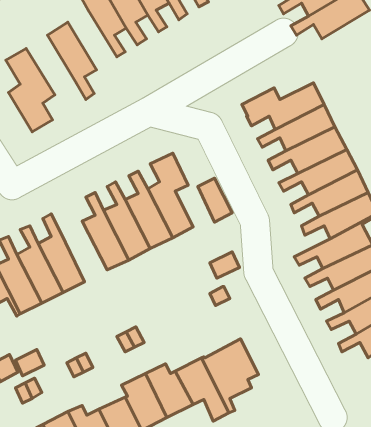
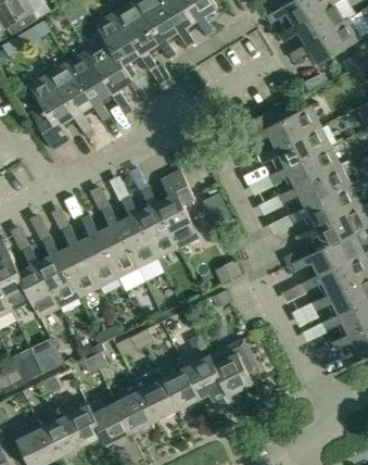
building: none -> [85,39,129,109]
building: none -> [47,62,92,131]
building: none -> [78,215,120,287]

